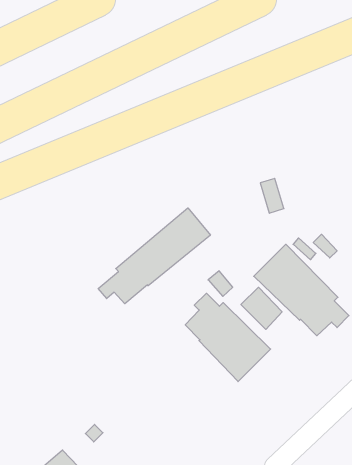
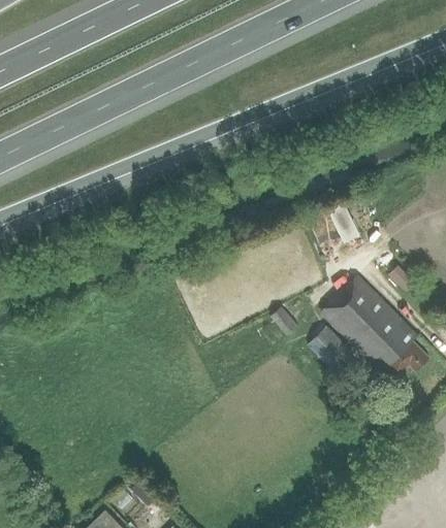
building: [98,208,210,304] -> none
building: [185,293,271,382] -> none

